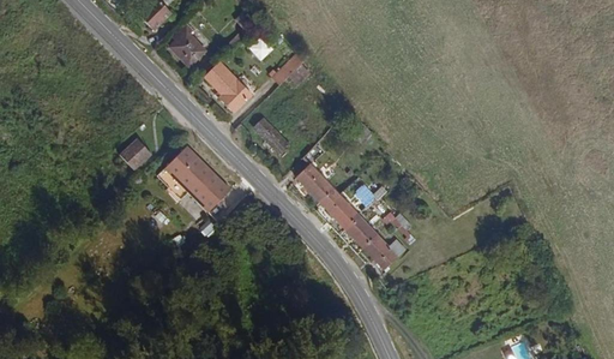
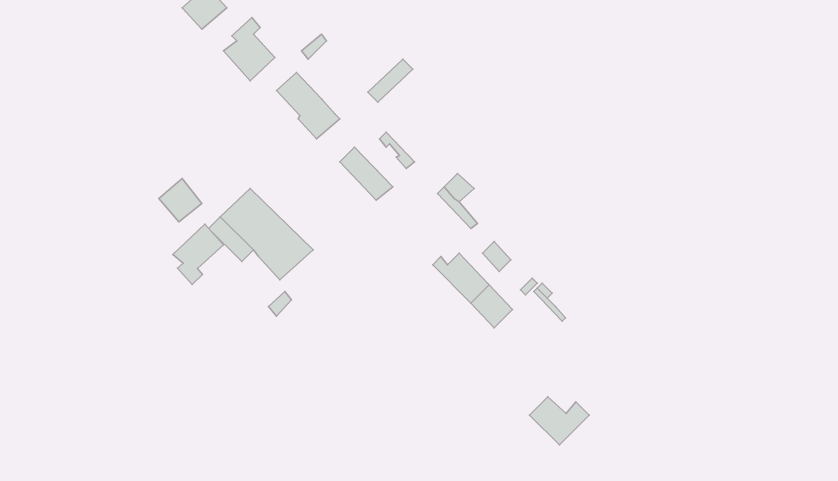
building: [295,163,337,201] -> none
building: none -> [173,224,223,285]
building: [362,233,405,268] -> [530,397,589,445]

